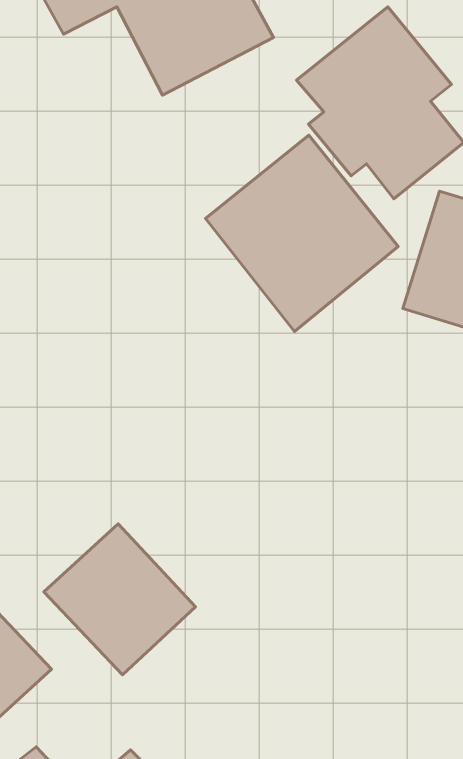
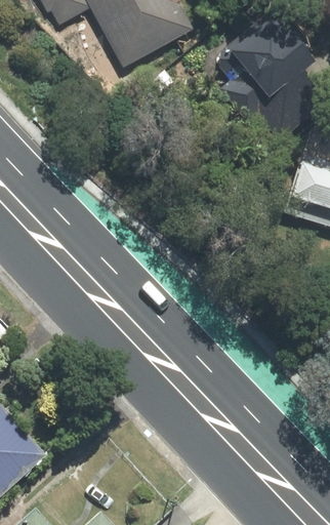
building: [205,135,398,332] -> none
building: [44,524,195,675] -> none

